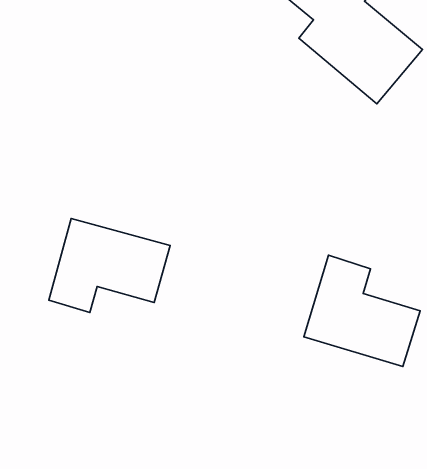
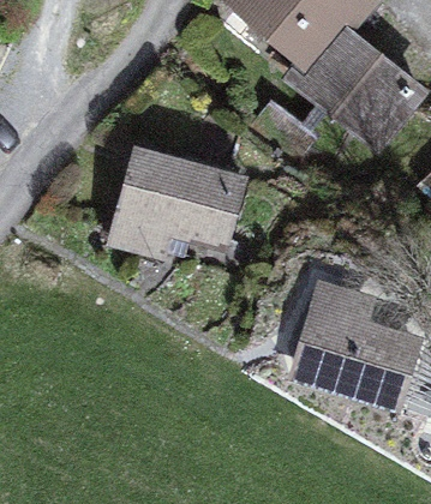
building: [49,218,170,312] -> [116,151,234,242]

